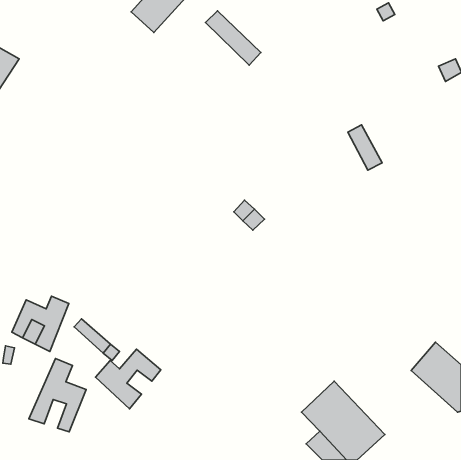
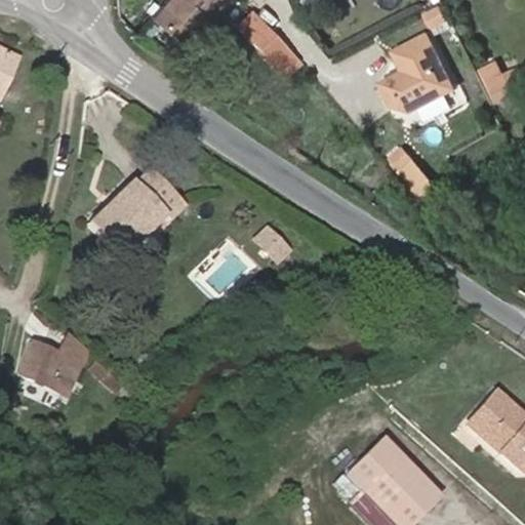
building: none -> [386,32,458,107]
building: none -> [95,170,192,259]
building: [96,349,161,409] -> none
building: [29,358,86,432] -> none

